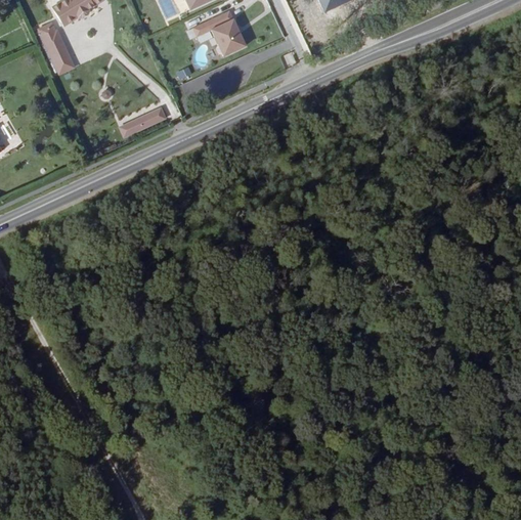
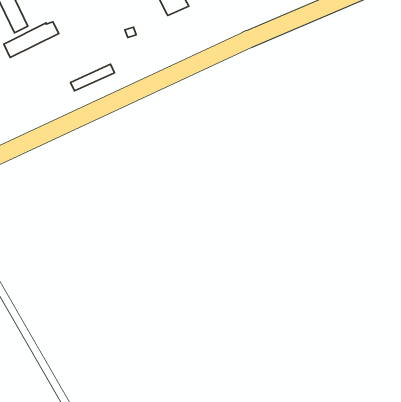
building: none -> [4,22,59,57]

